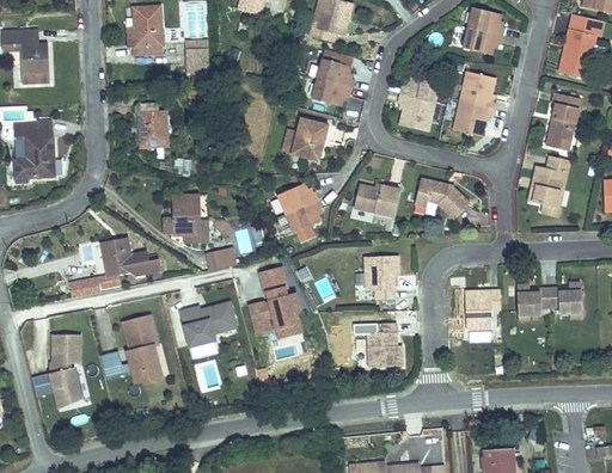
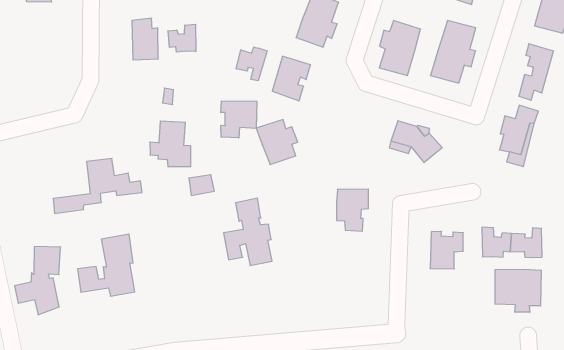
building: none -> [168,24,196,52]
building: none -> [236,47,267,81]
building: [16,113,59,176] -> none
building: none -> [221,101,257,138]
building: [355,186,400,216] -> none
building: [179,301,237,357] -> none
building: [366,319,400,363] -> none
building: none -> [495,269,541,312]

